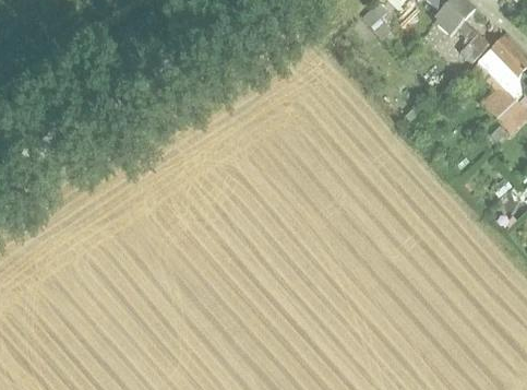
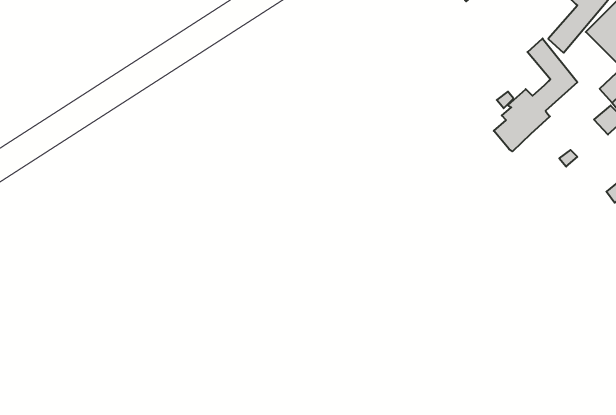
building: none -> [494,38,577,151]

